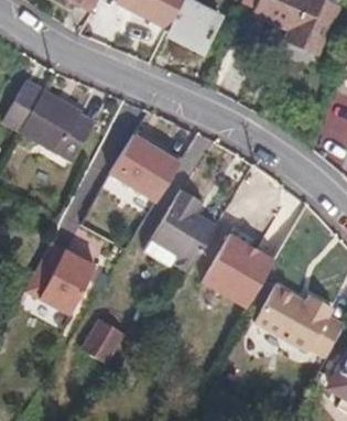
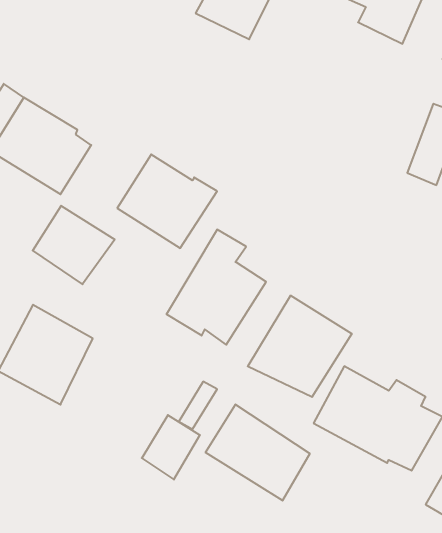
building: none -> [33,206,115,284]
building: none -> [206,404,310,501]
building: [82,320,123,366] -> [142,415,200,480]

